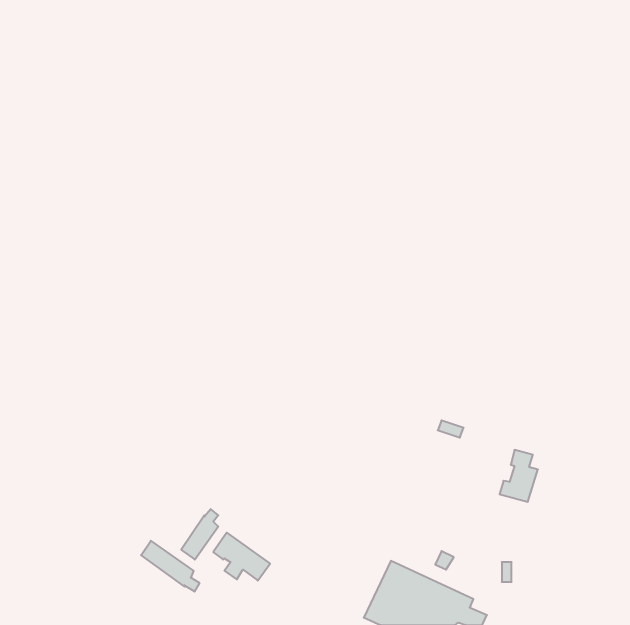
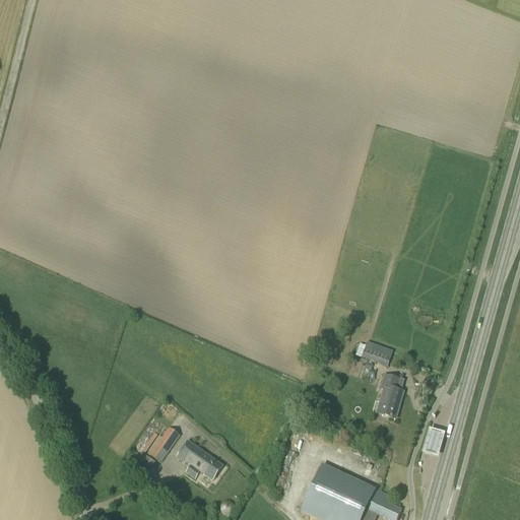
building: [500,450,538,502] -> [372,374,403,416]
building: [141,541,199,592] -> none

